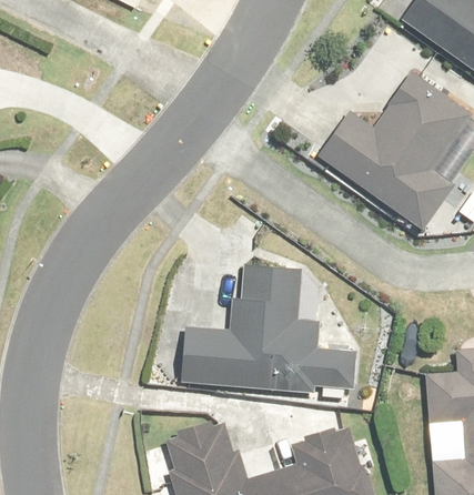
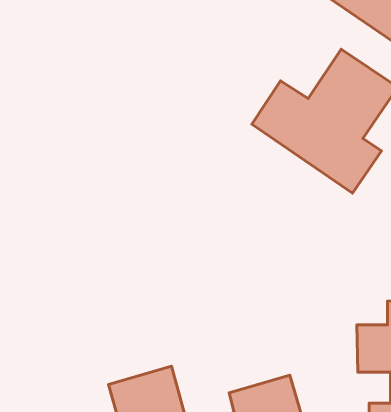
building: [180,265,359,393] -> none

